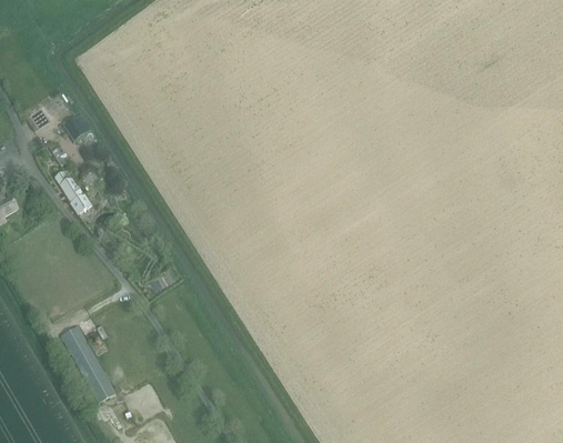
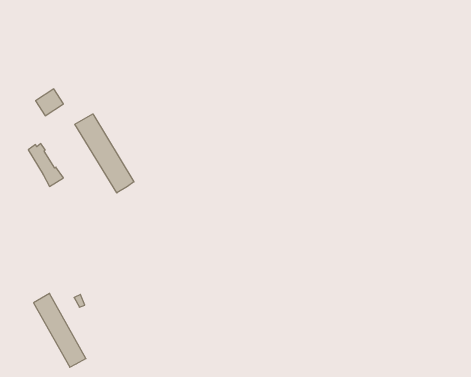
building: none -> [75,114,134,193]

